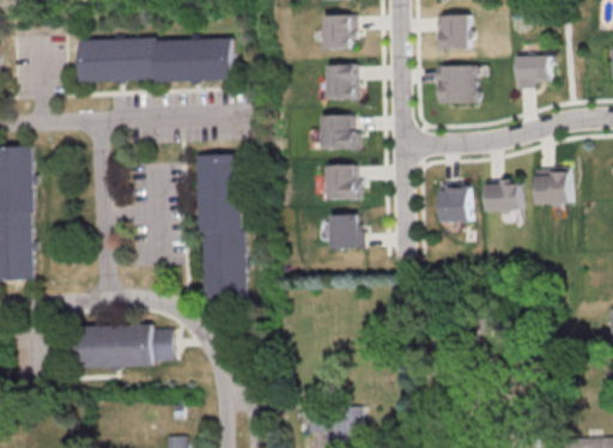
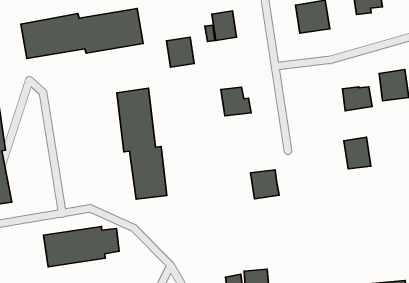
building: [323,114,356,150] -> [167,37,194,67]
building: [441,183,472,222] -> [344,137,371,169]
building: [330,214,364,249] -> [251,170,279,199]

